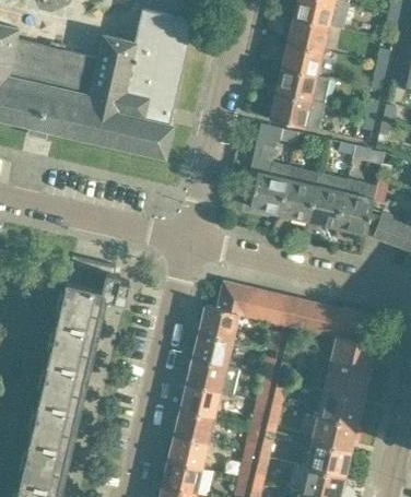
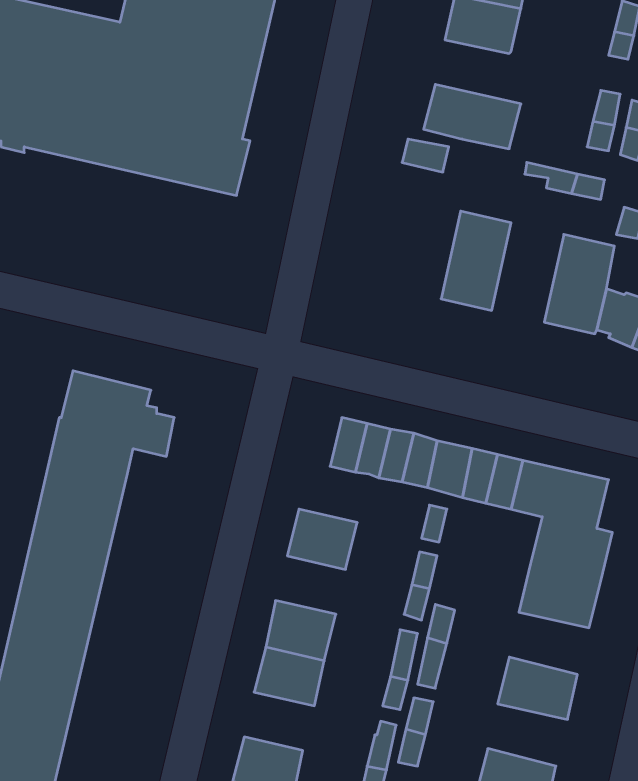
building: [275,70,329,106] -> none
building: [248,143,290,215] -> none
building: [307,173,348,228] -> none
building: [199,306,238,341] -> none
building: [186,359,225,392] -> none
building: [317,391,362,426] -> none
building: [168,436,208,469] -> none
building: [305,442,350,477] -> none

